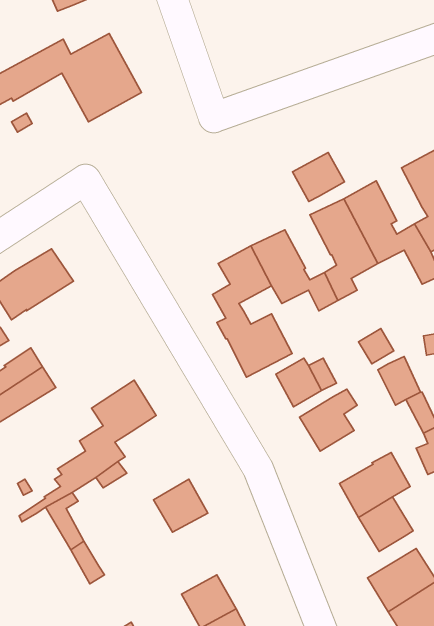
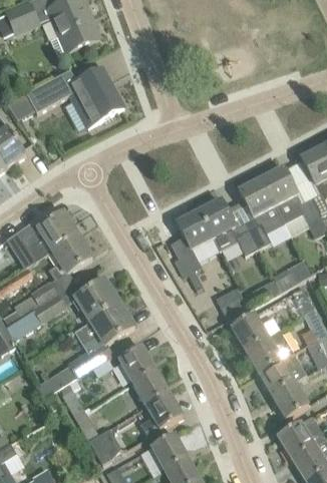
building: [293,152,344,201] -> none
building: none -> [45,234,91,279]
building: none -> [74,279,118,321]
building: none -> [245,329,293,372]
building: none -> [118,346,155,383]
building: none -> [133,392,182,435]
building: none -> [88,427,120,463]

